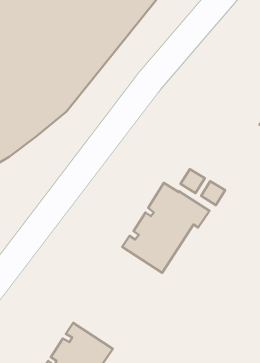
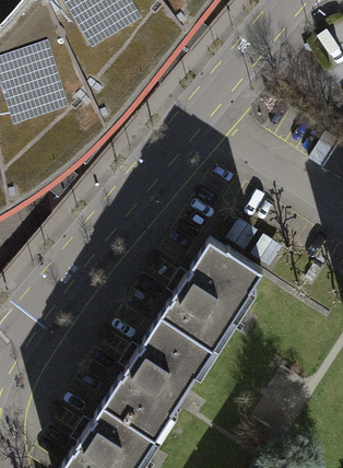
building: none -> [98,317,203,437]

